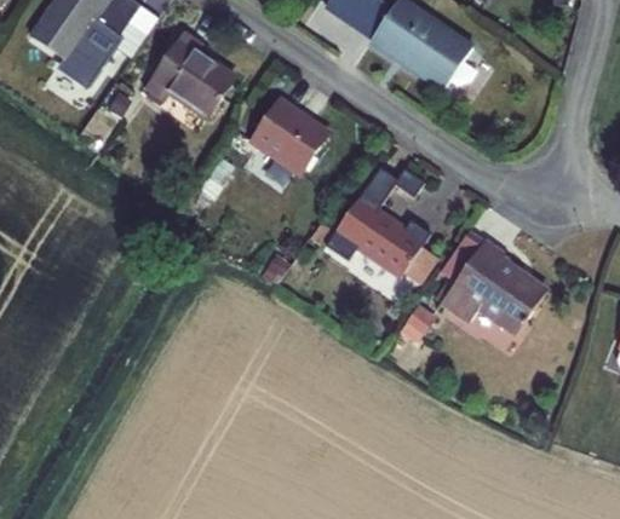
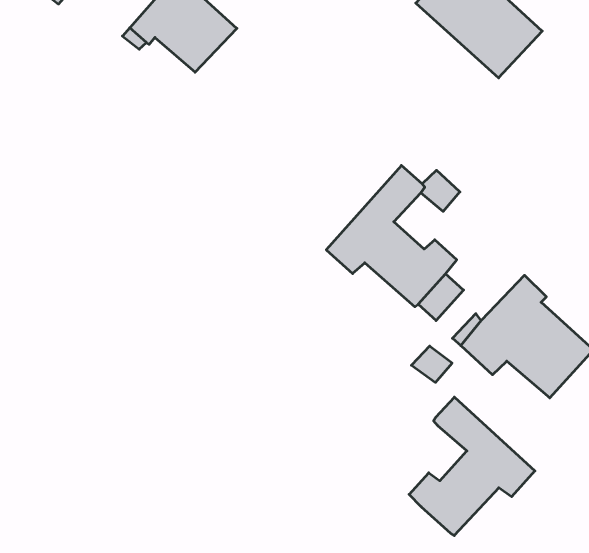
building: [252,100,327,172] -> none
building: none -> [409,397,535,536]

